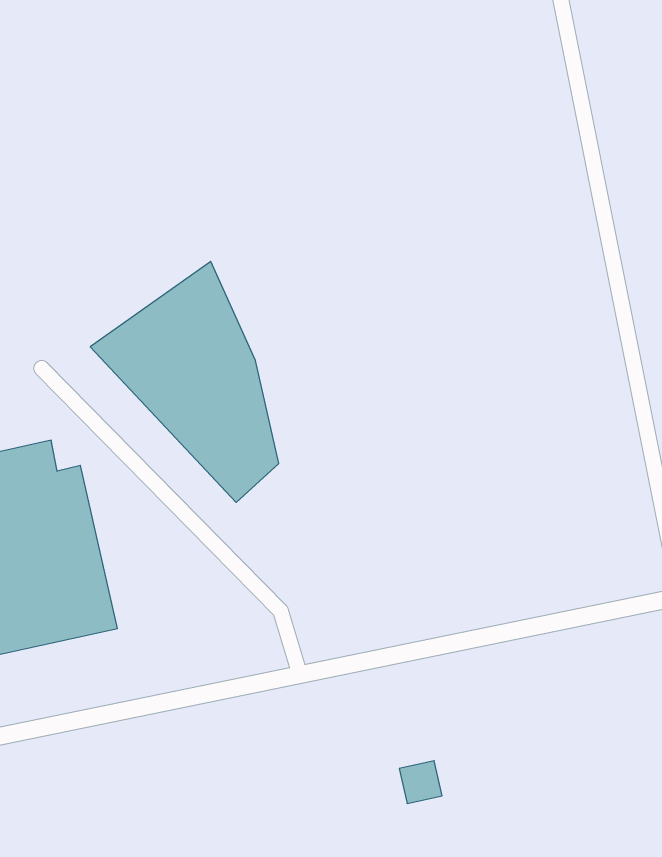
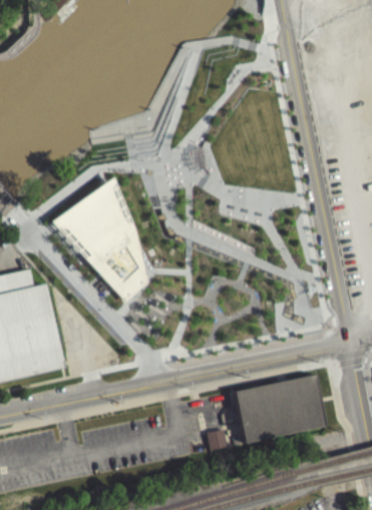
building: none -> [234,375,325,442]

